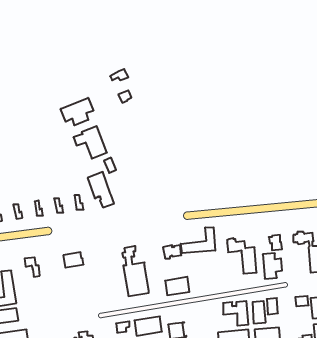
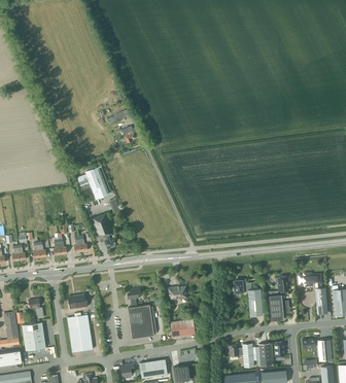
building: [61,98,93,125] -> none
building: [181,227,215,253] -> none
building: none -> [67,312,93,352]
building: none -> [22,321,45,350]

